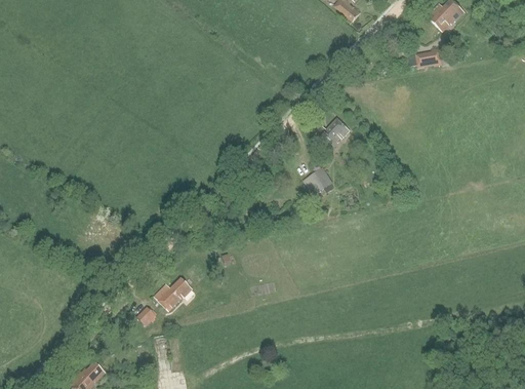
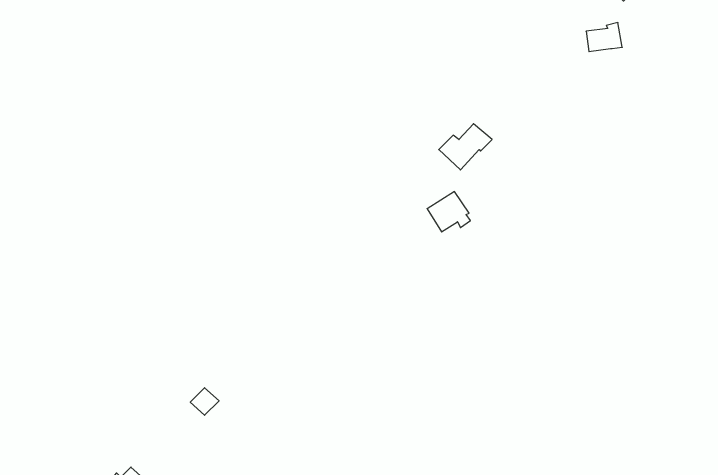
building: [153,277,192,311] -> none

